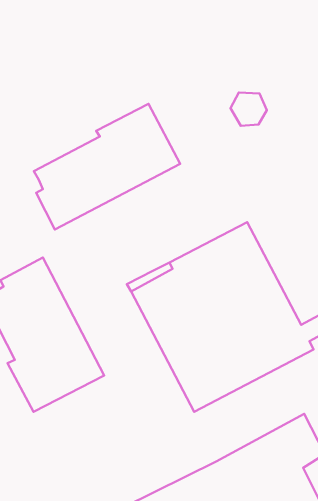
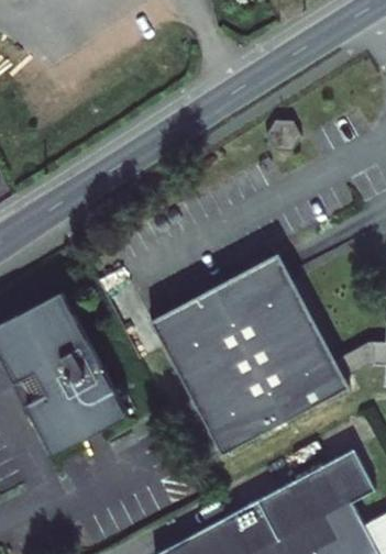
building: [34,104,180,230] -> none

